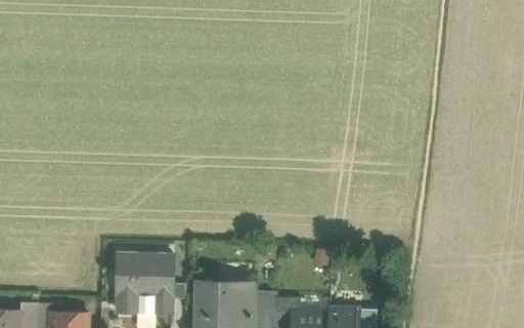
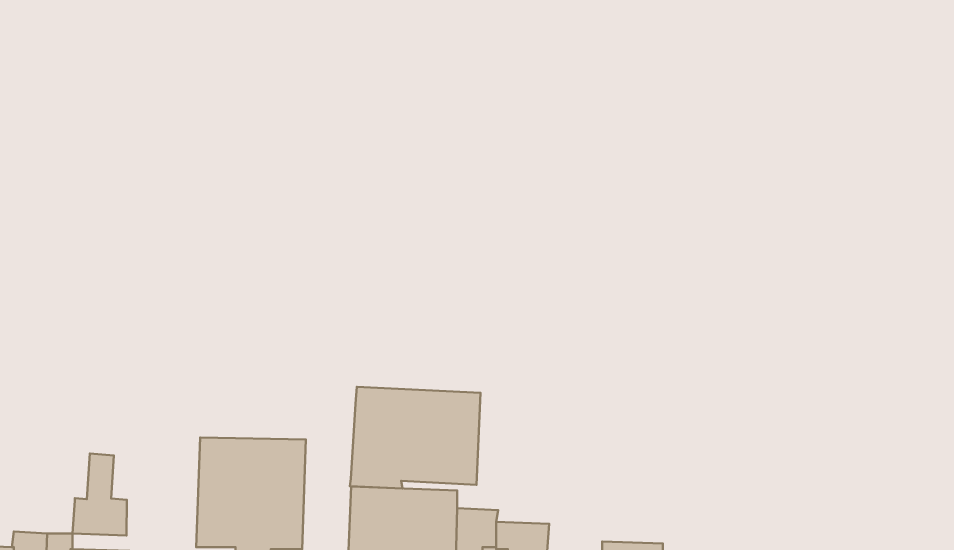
building: none -> [350,387,480,488]
building: none -> [73,453,127,536]

